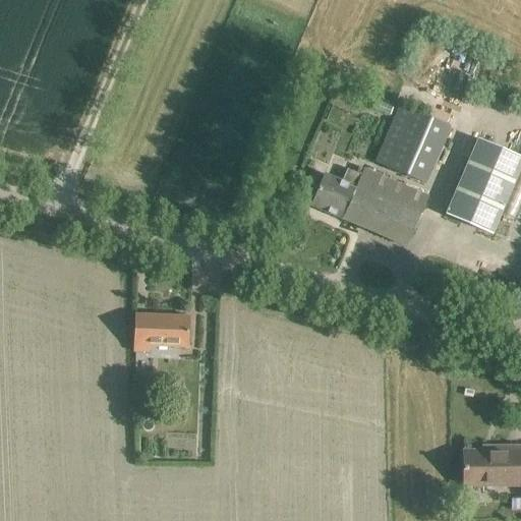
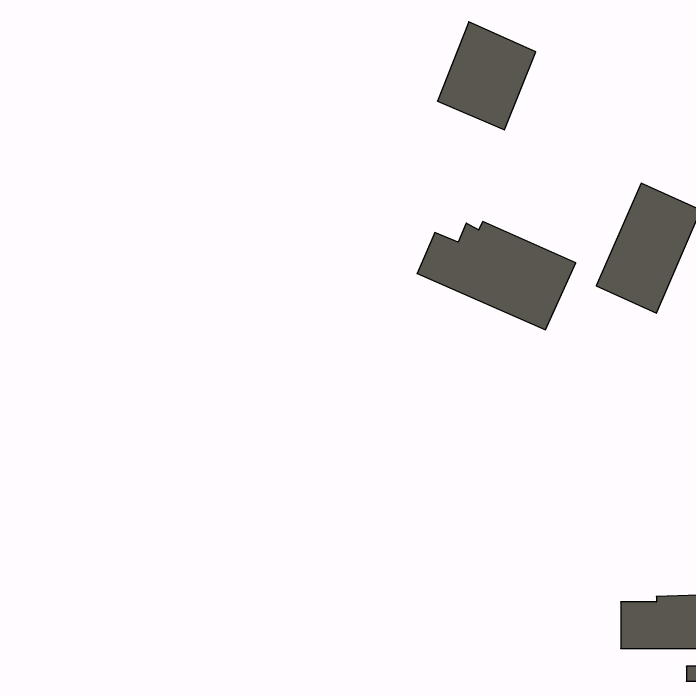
building: [378,103,451,183] -> [437,22,536,130]
building: [135,311,189,349] -> none

